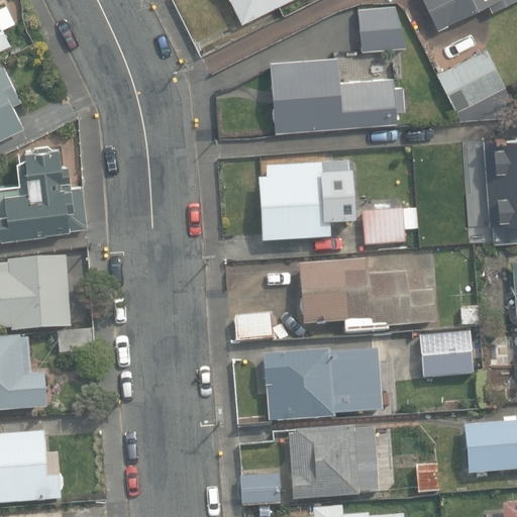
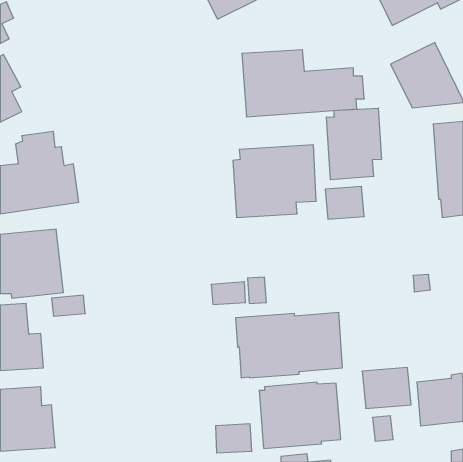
building: [357,4,406,49] -> none
building: none -> [327,108,381,180]
building: [299,260,435,333] -> none
building: [420,332,475,378] -> [362,368,411,408]

